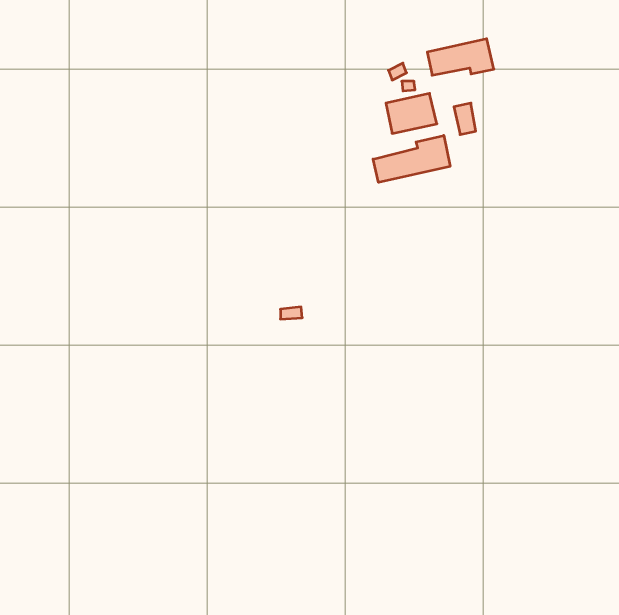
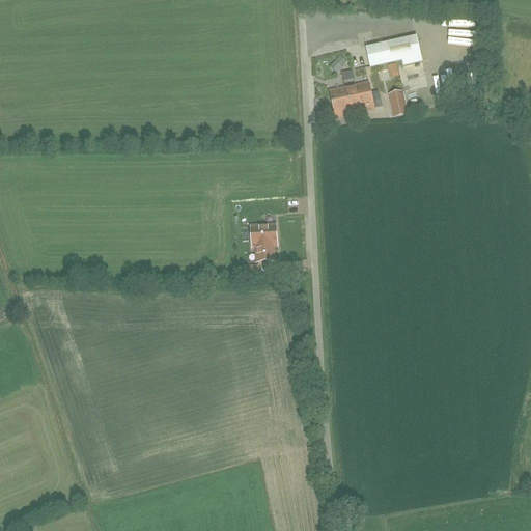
building: [373,135,450,182] -> none
building: none -> [250,223,276,260]

